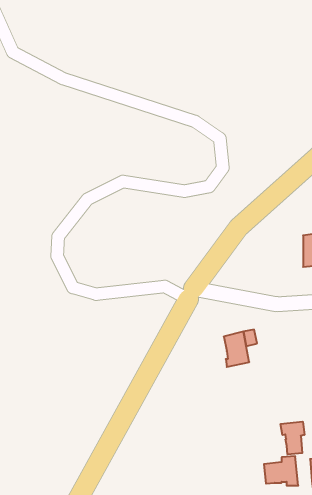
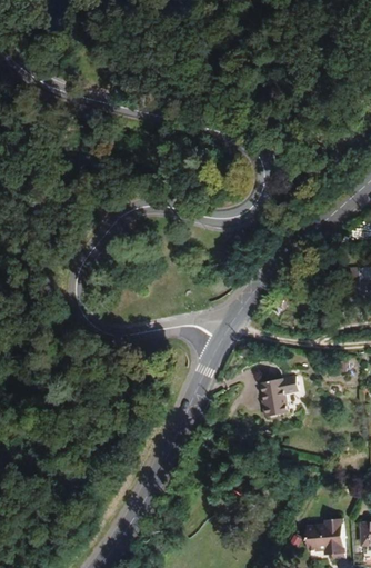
building: [281,422,304,454] -> none

